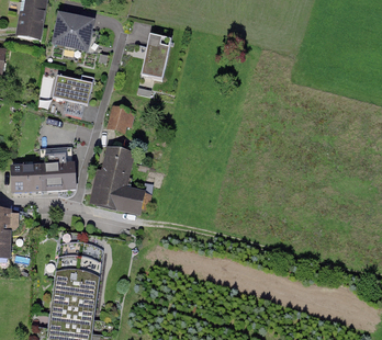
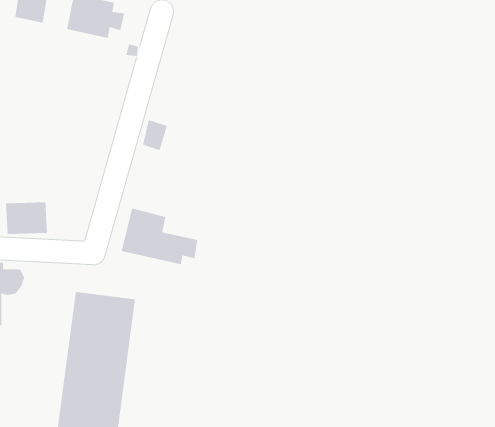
building: [139,34,170,78] -> none
building: [50,72,92,115] -> none
building: [101,141,134,177] -> none
building: [38,146,74,189] -> none

